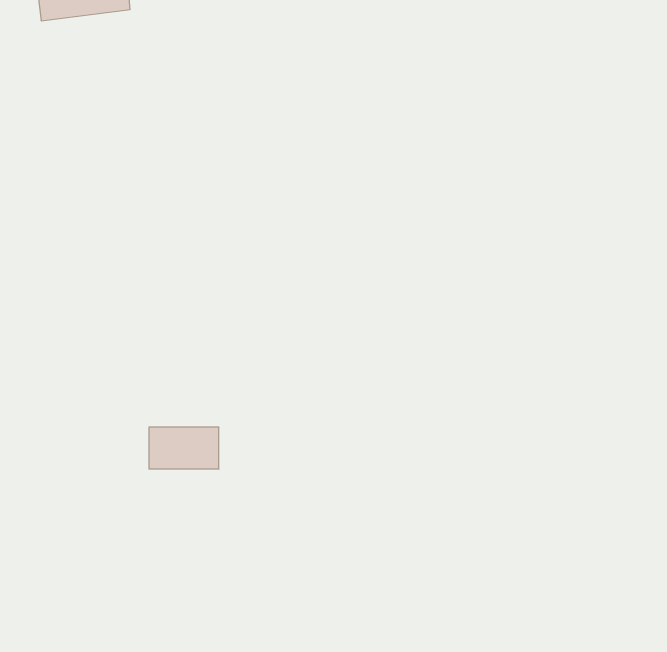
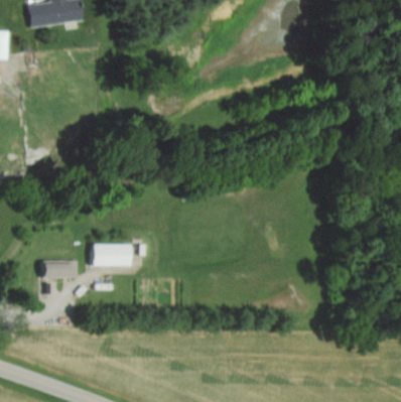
building: none -> [43,260,77,278]

